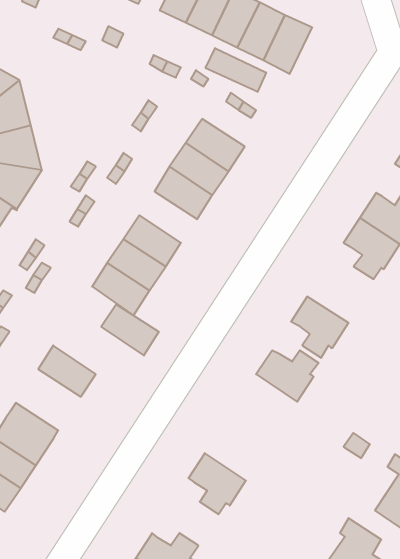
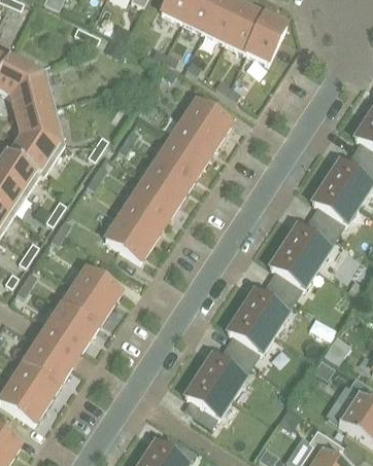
building: [206,48,266,92] -> none
building: none -> [144,158,192,201]
building: none -> [282,224,334,266]
building: [101,304,159,356] -> [73,266,121,309]
building: none -> [42,304,96,355]
building: none -> [227,309,274,360]
building: none -> [198,353,248,396]

